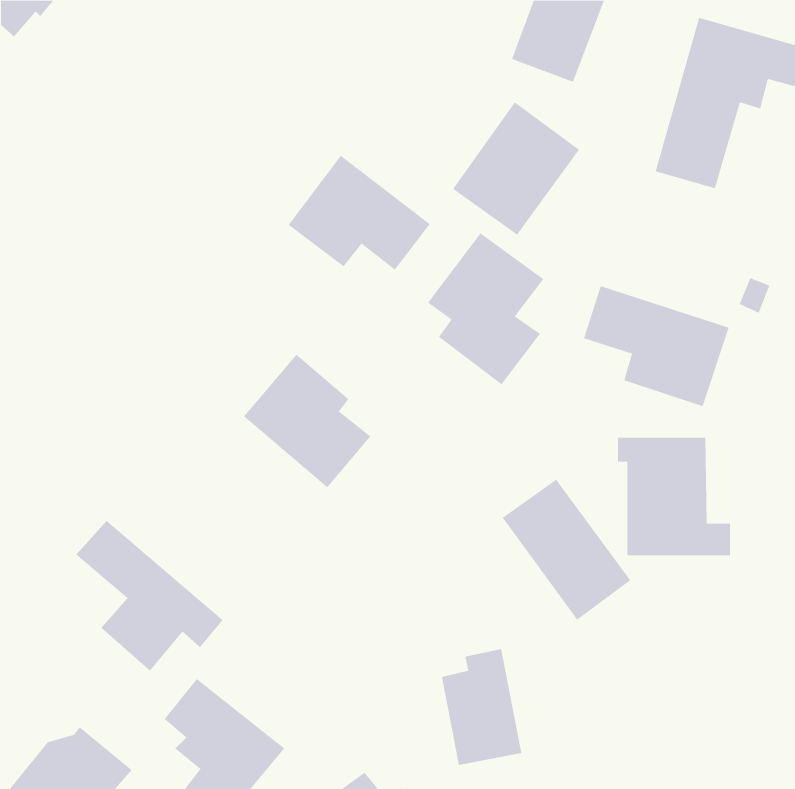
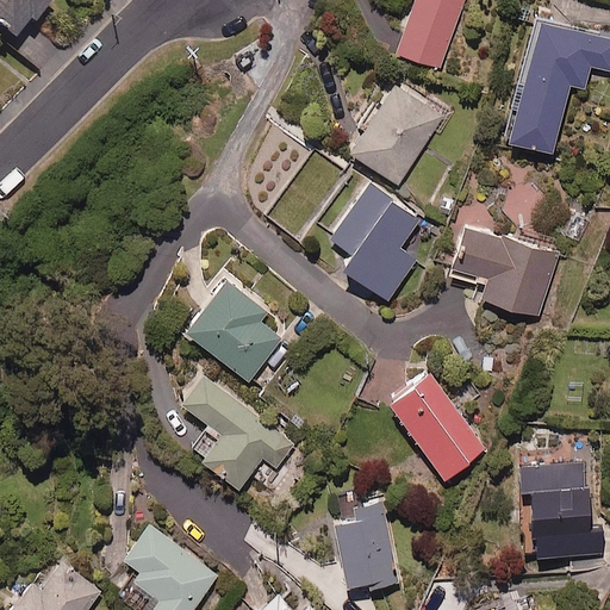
building: [288,155,431,270] -> none
building: [617,437,731,556] -> [515,465,602,555]
building: [75,520,224,671] -> [183,372,297,487]

